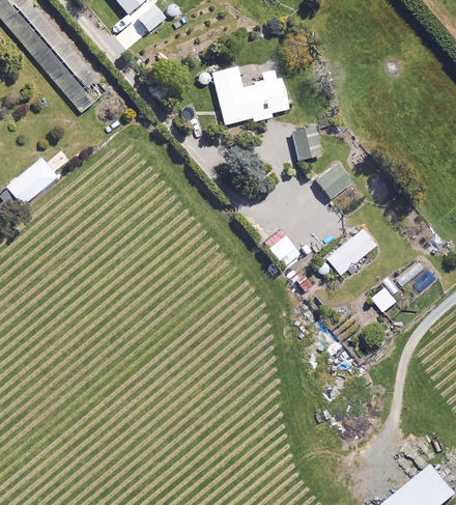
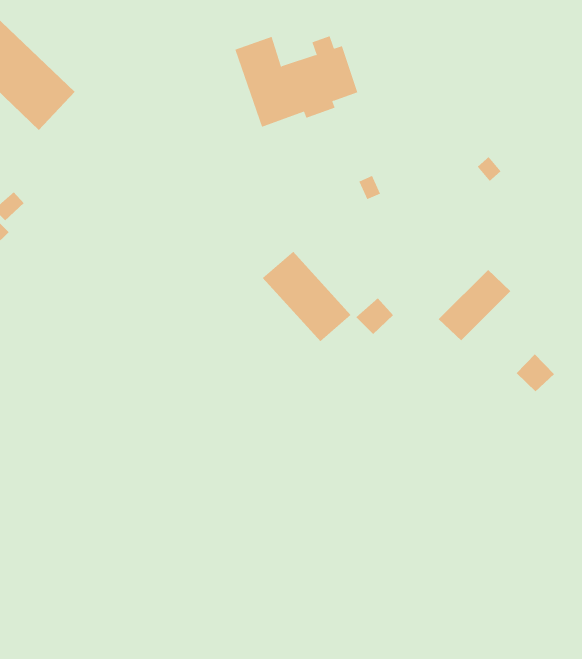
building: [290,124,320,160] -> none
building: [315,164,350,198] -> none
building: none -> [262,251,352,342]

